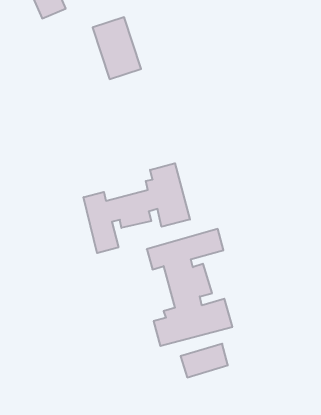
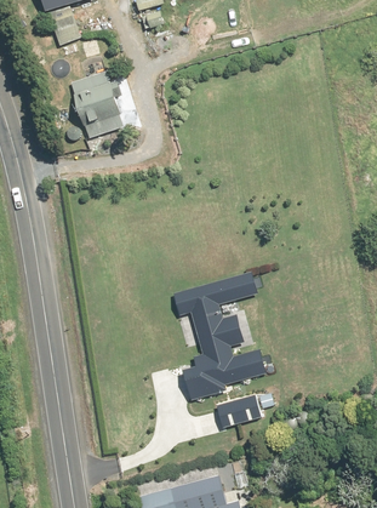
building: [93,17,141,79] -> [72,70,124,137]
building: [84,163,190,253] -> none

